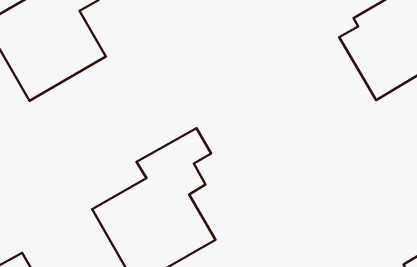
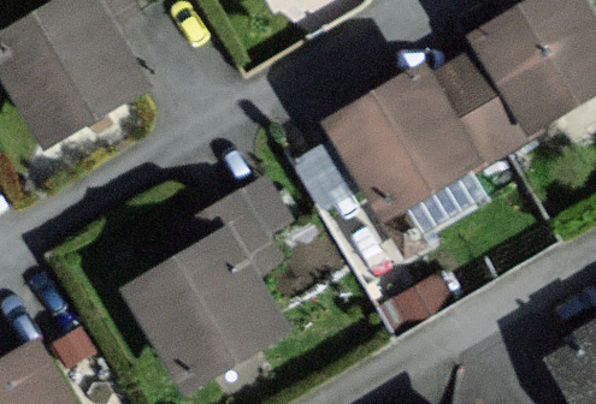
building: none -> [332,60,508,214]

